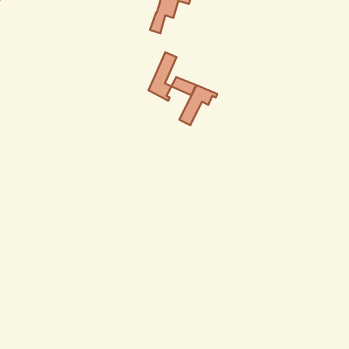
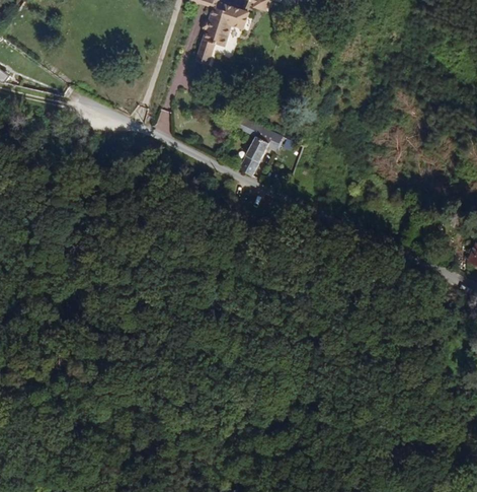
building: [149,52,177,101] -> none

